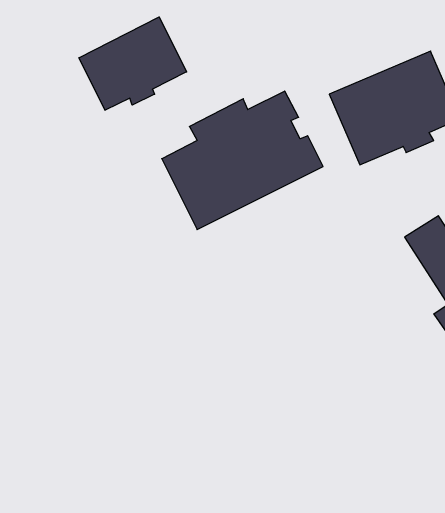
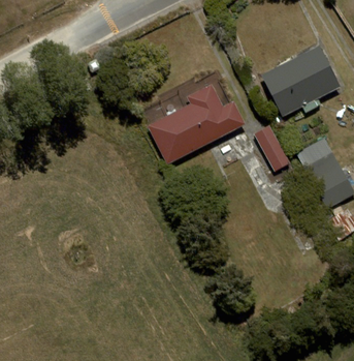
building: [79,17,187,110] -> none
building: none -> [252,124,292,173]

